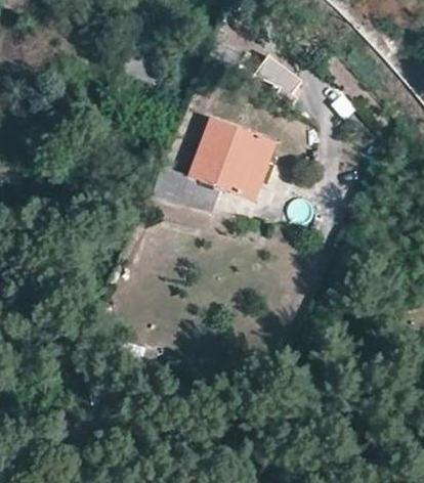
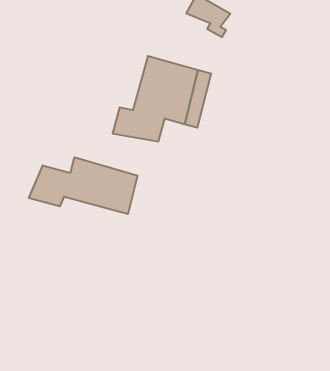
building: none -> [29,157,138,214]

